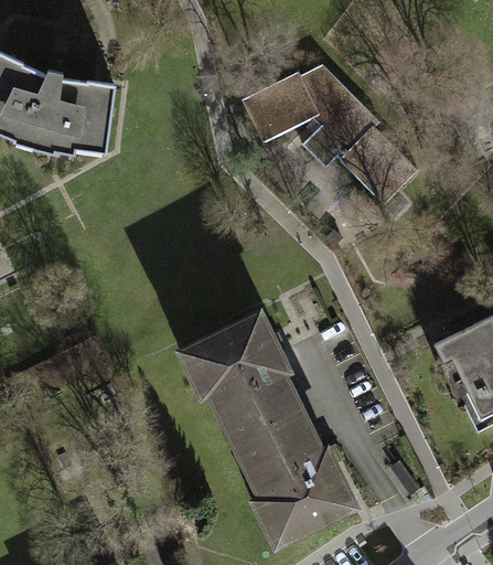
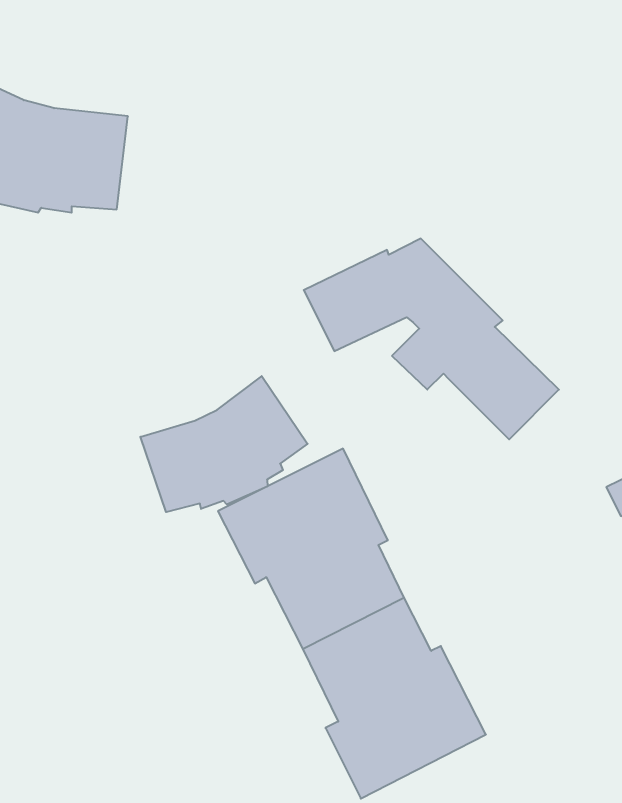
building: [248,61,424,199] -> [304,239,559,439]
building: none -> [140,376,308,512]

